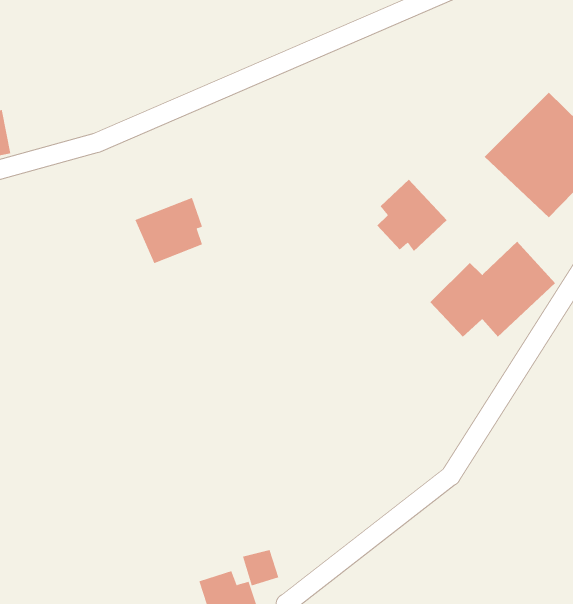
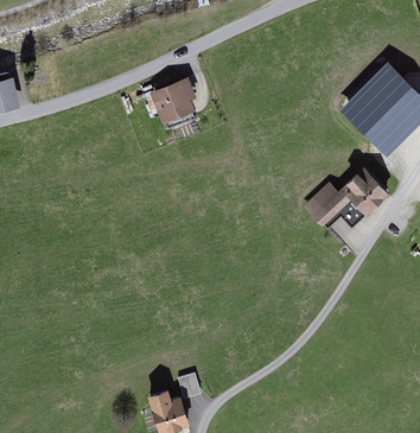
building: [377,179,448,252] -> none
building: [135,197,203,264] -> [149,77,196,122]

